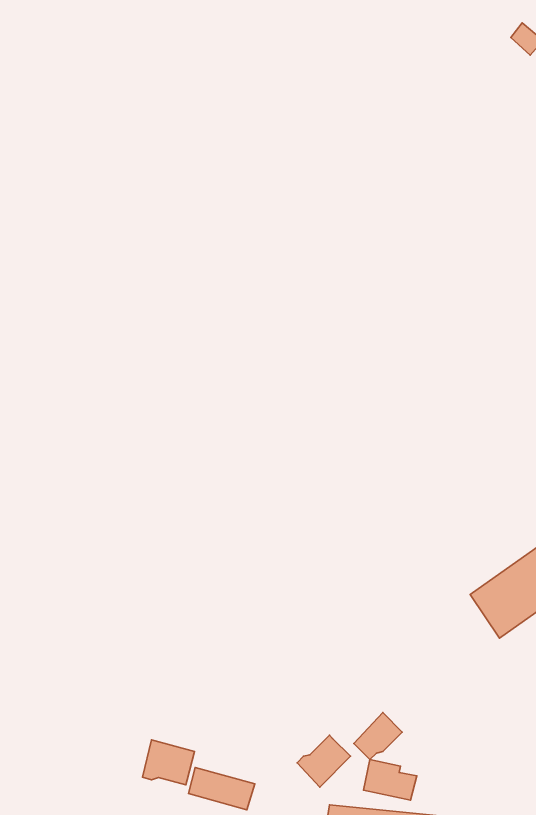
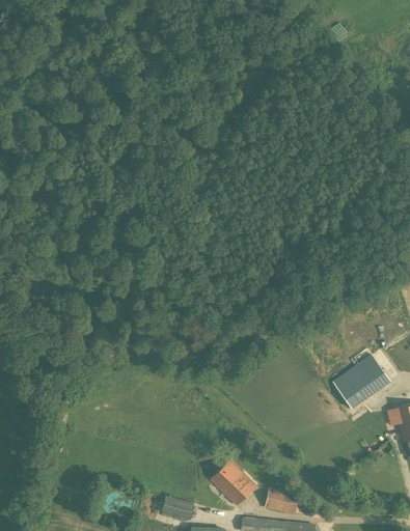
building: [354,713,402,760] -> [212,459,243,490]
building: [142,740,195,785] -> none

